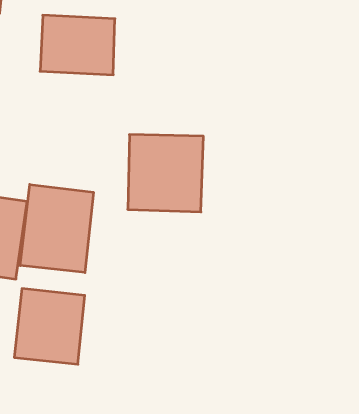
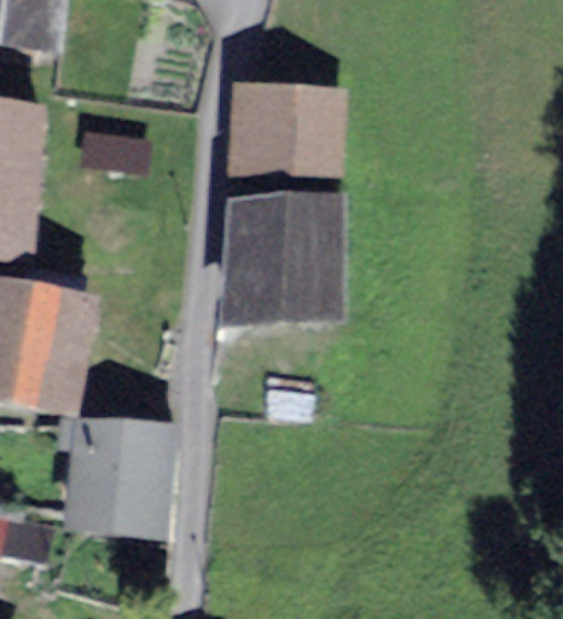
building: [40,15,115,75] -> [231,86,336,169]
building: [20,184,93,273] -> none

